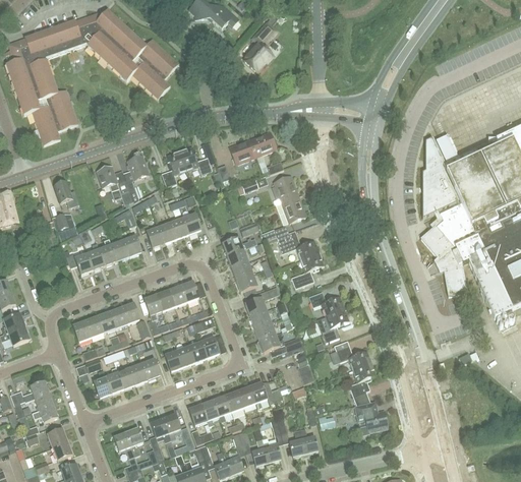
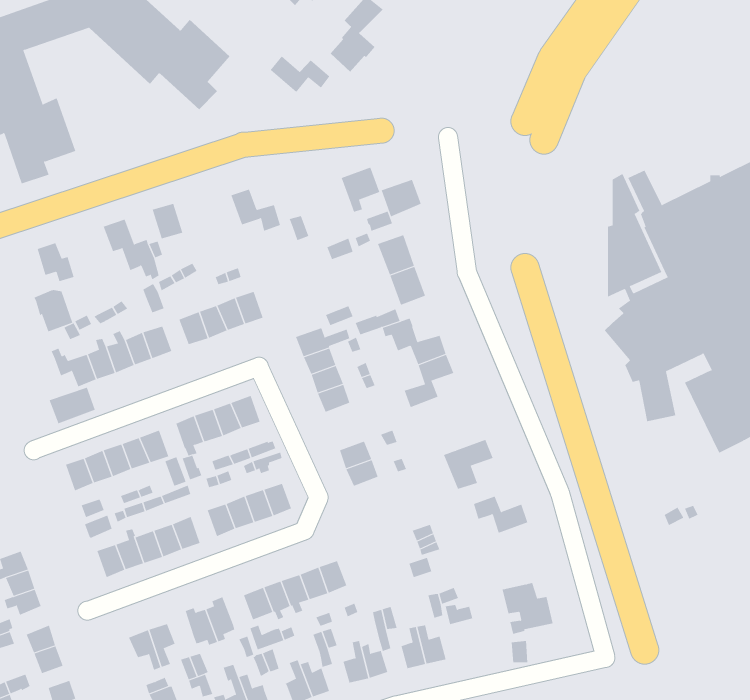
building: none -> [270,55,330,93]
building: [230,139,259,166] -> [381,179,427,220]
building: [161,150,186,186] -> none
building: none -> [49,387,95,424]
building: [244,286,280,315] -> none
building: [308,291,344,315] -> none
building: [256,333,302,352] -> none
building: [348,362,377,405] -> none
building: [248,380,282,407] -> none

